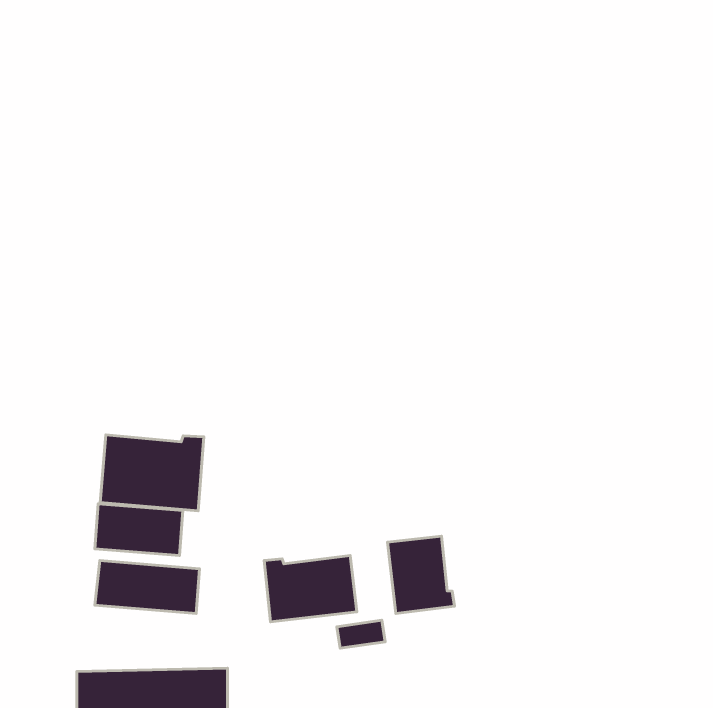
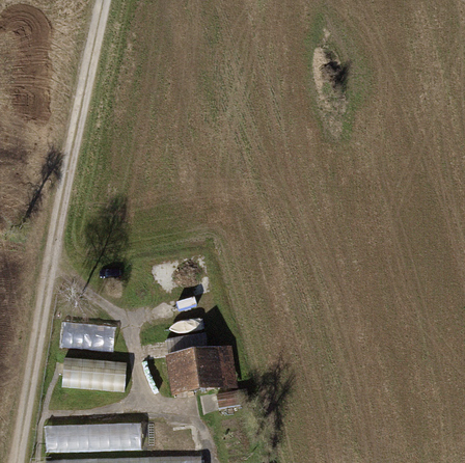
building: [100,435,204,511] -> none
building: [388,536,454,613] -> none

